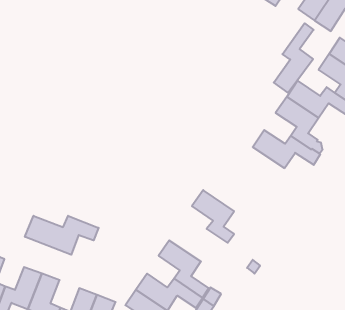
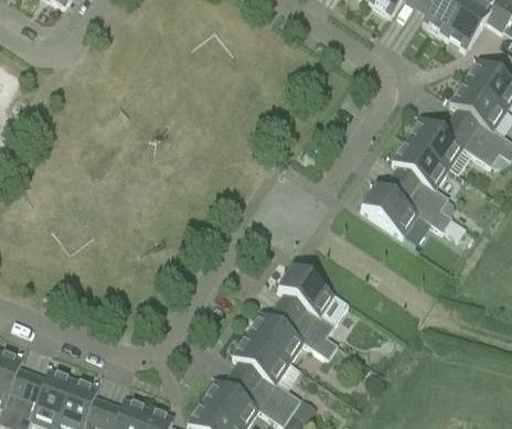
building: [274,23,314,93] -> none
building: [25,216,99,255] -> none
building: none -> [246,311,338,362]

